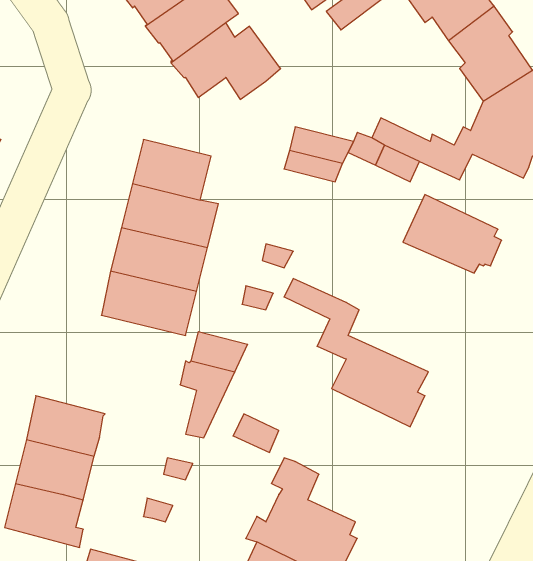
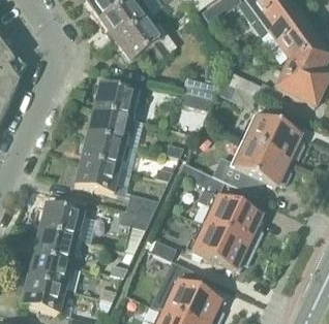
building: none -> [214,140,289,194]
building: none -> [38,202,93,240]
building: none -> [181,223,250,269]

